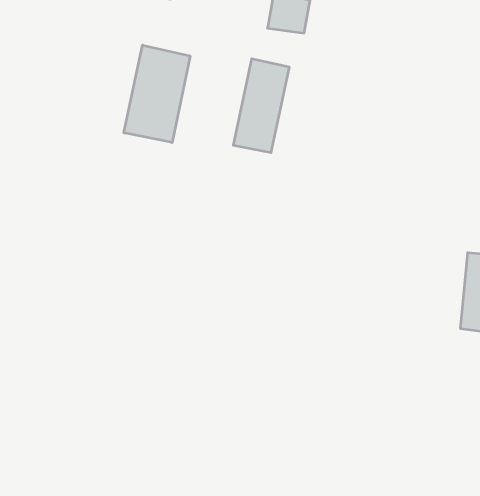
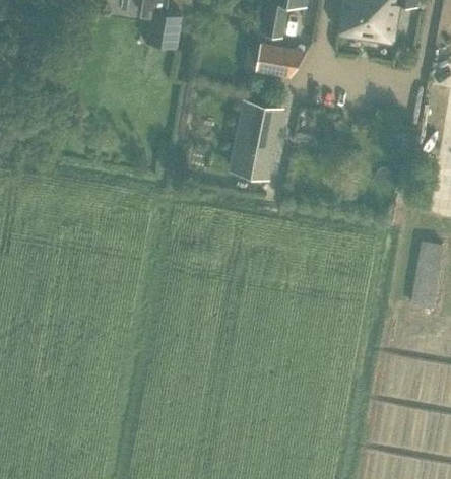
building: [124,45,190,143] -> none

